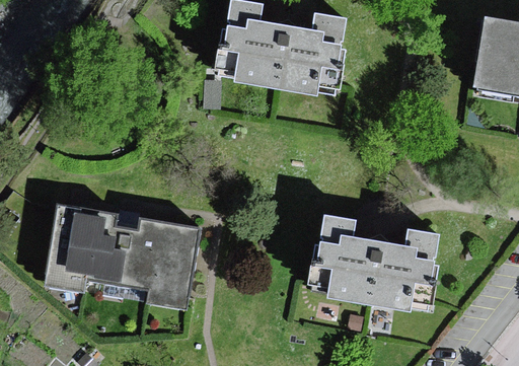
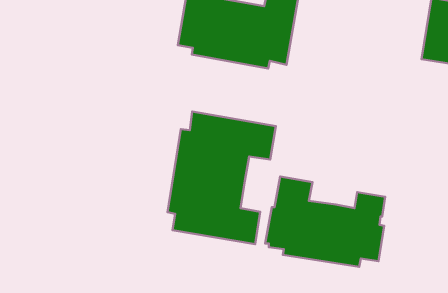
building: none -> [168,112,276,244]
building: [44,203,199,307] -> none

